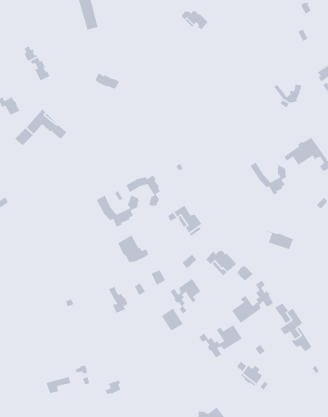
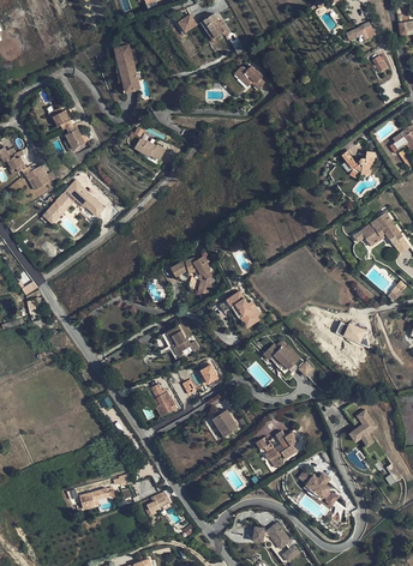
building: [250,161,287,196] -> none
building: [96,194,140,228] -> none
building: [169,278,201,315] -> none
building: [231,280,274,324] -> none

